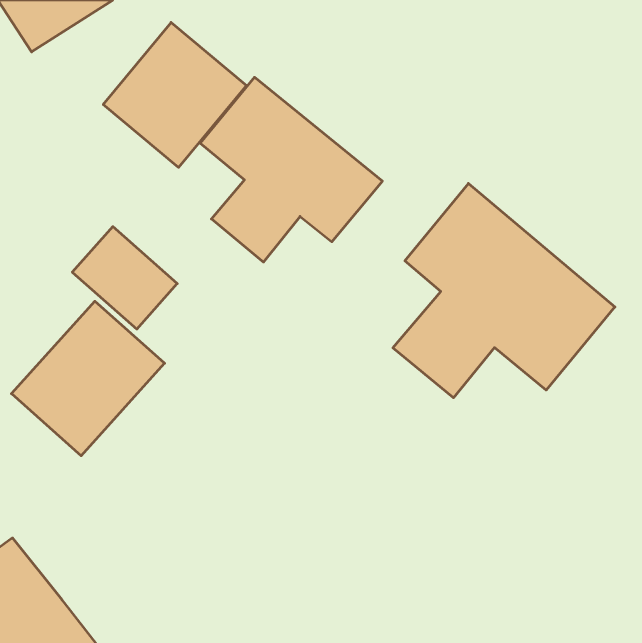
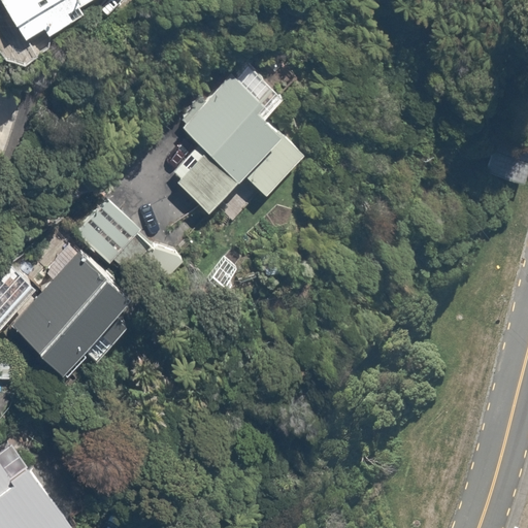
building: [103,22,246,167] -> none
building: [393,183,615,398] -> none

